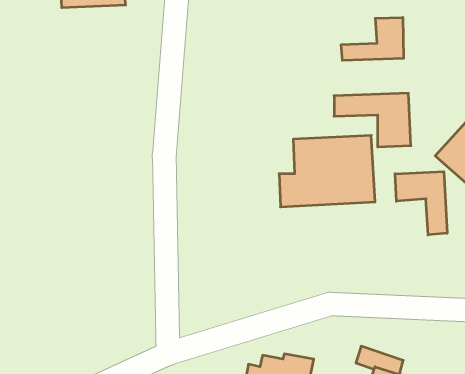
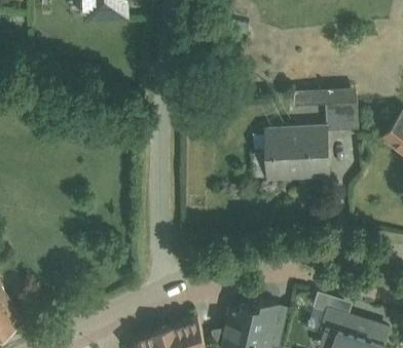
building: [341,17,404,60] -> none
building: [395,172,447,235] -> none

